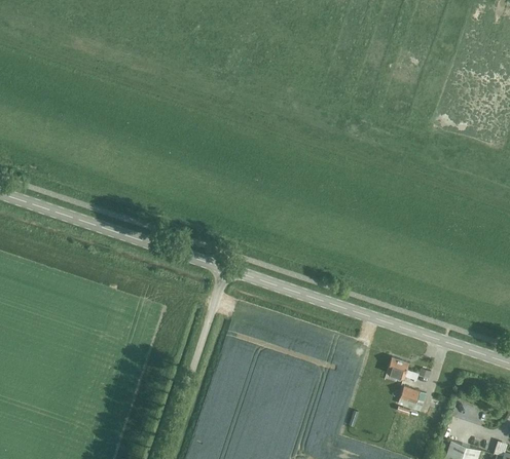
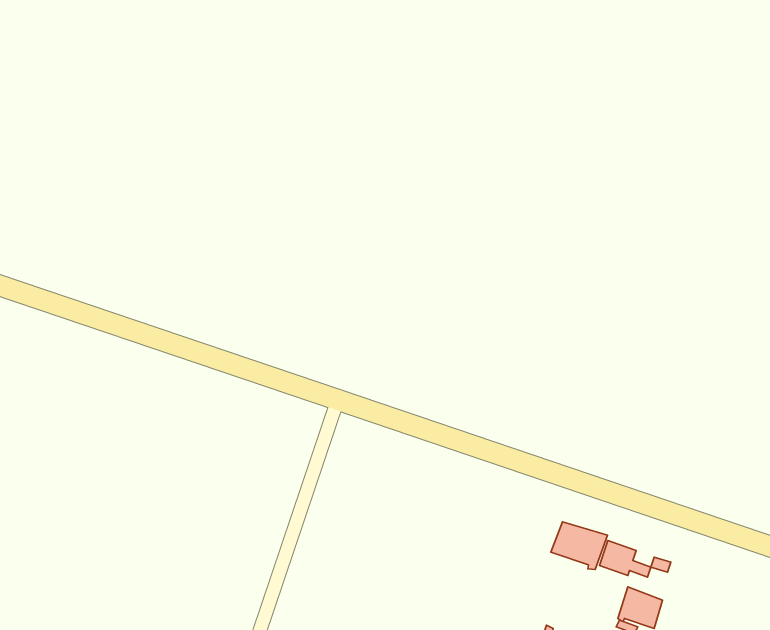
building: none -> [551,522,607,569]

